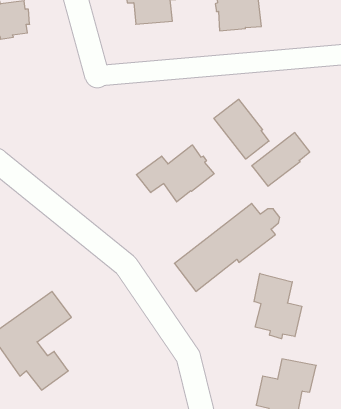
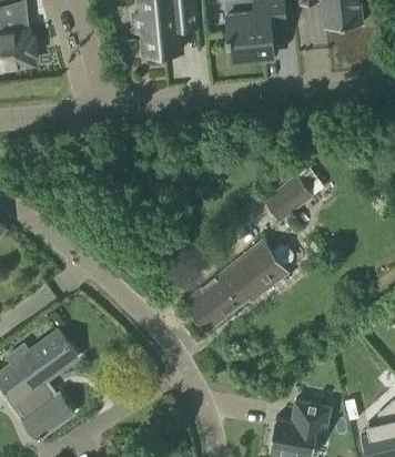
building: [214,99,269,159] -> none
building: [136,145,214,202] -> none
building: [254,273,302,339] -> none

